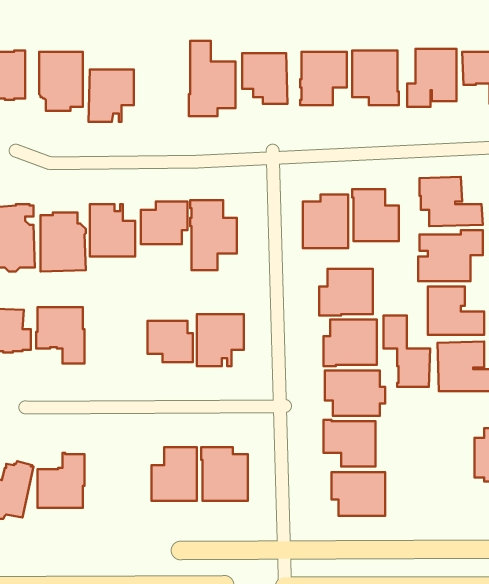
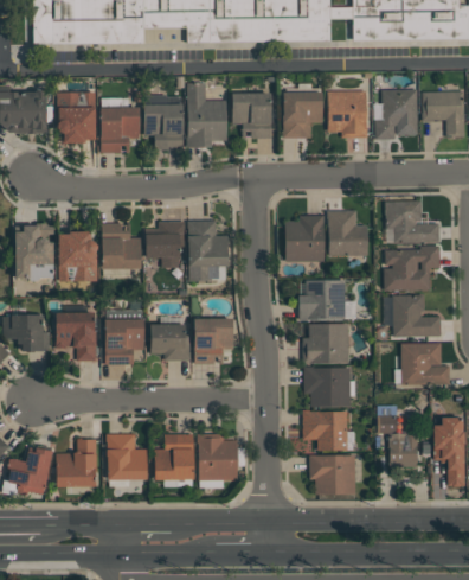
building: none -> [144,95,184,148]
building: none -> [105,310,144,364]
building: [384,315,430,387] -> [378,404,418,466]
building: none -> [107,433,148,479]

